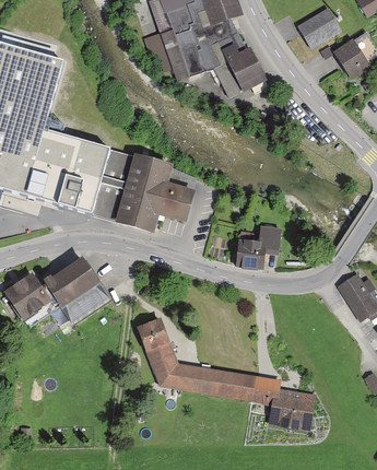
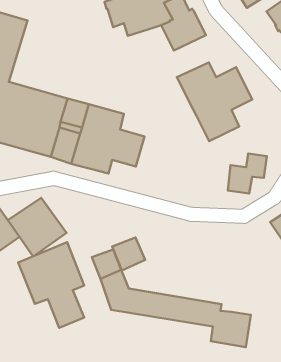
building: none -> [177,63,252,141]
building: [238,226,282,271] -> [228,153,267,193]
building: none -> [112,238,145,271]
building: none -> [18,242,84,328]

